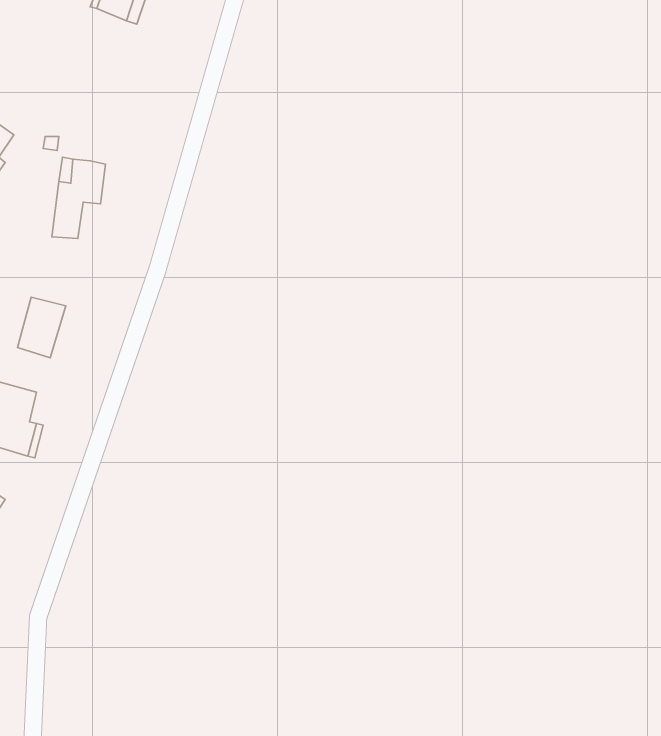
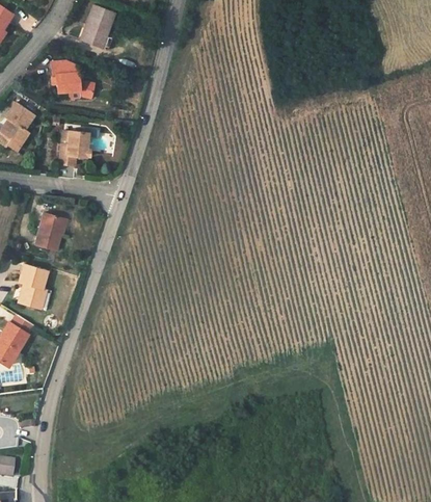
building: none -> [51,60,95,98]

